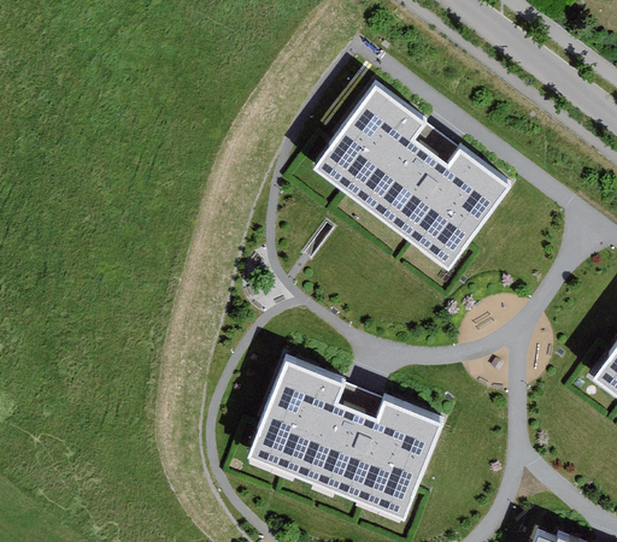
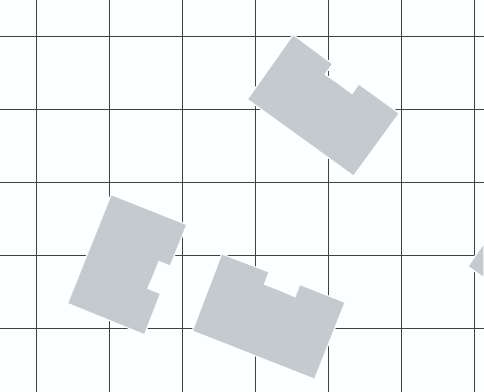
building: none -> [68,194,187,335]

